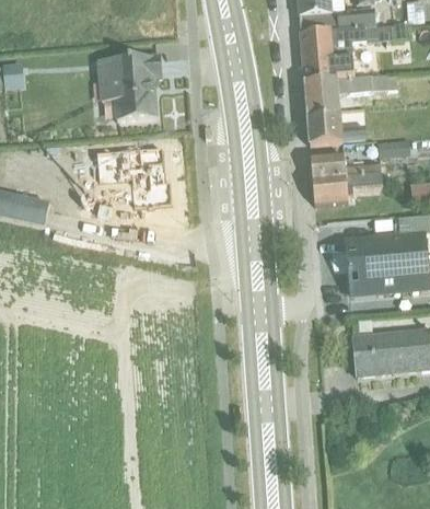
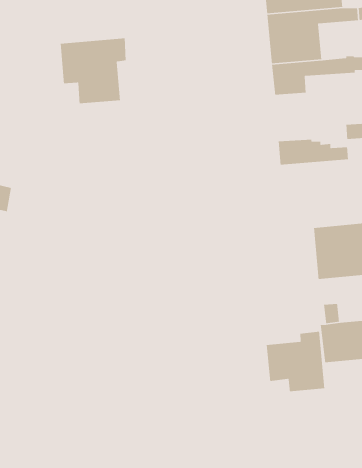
building: [307,111,367,146] -> none
building: [313,176,382,204] -> none
building: none -> [266,331,325,392]

